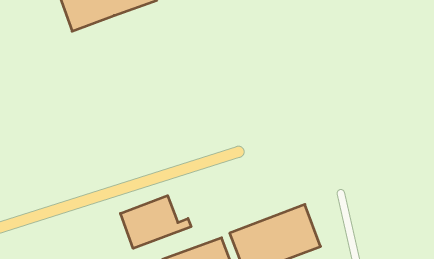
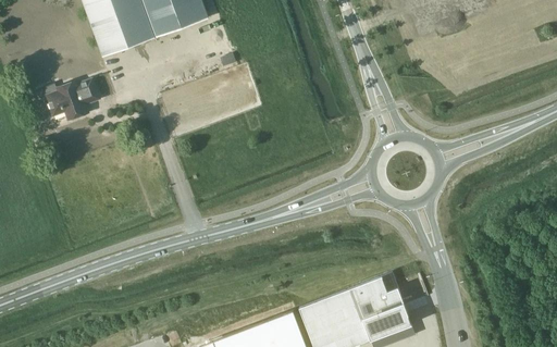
building: none -> [41,79,99,120]
building: [120,196,191,248] -> none

